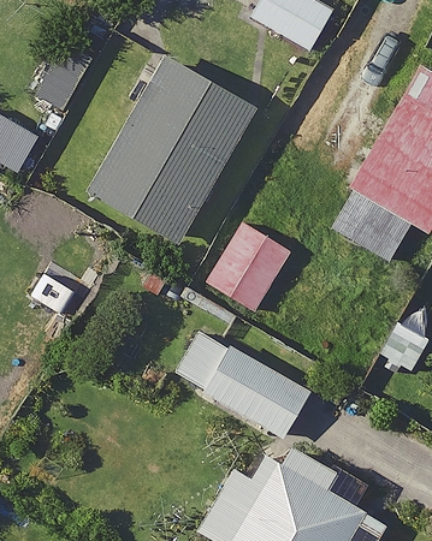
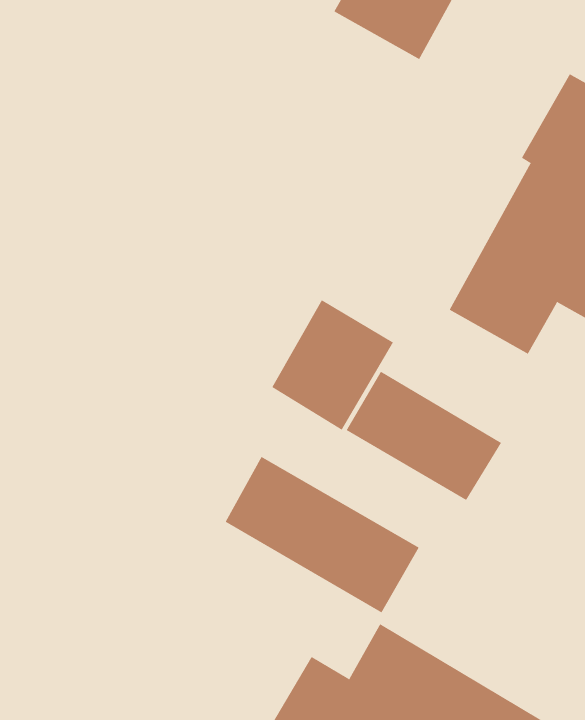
building: [93,58,254,239] -> none
building: none -> [346,371,502,501]

